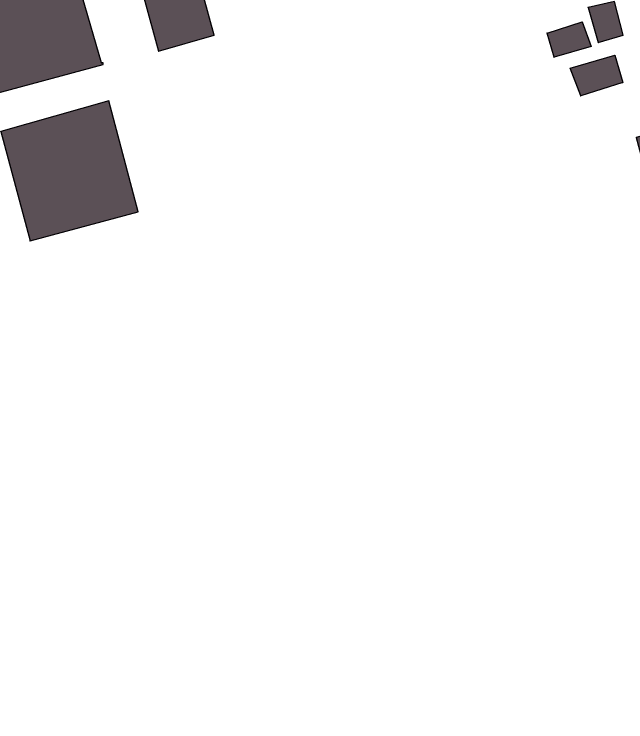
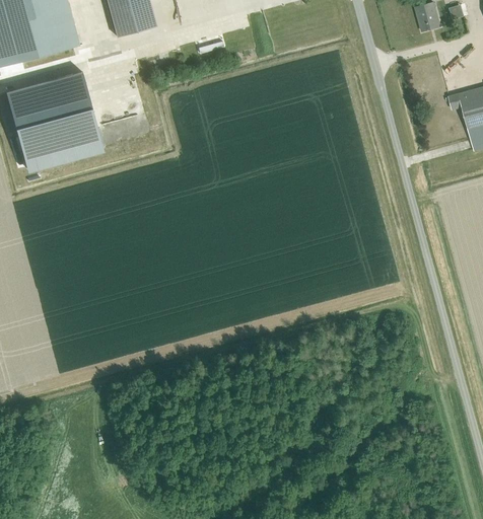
building: [547,22,591,57] -> none
building: [570,55,623,96] -> none

